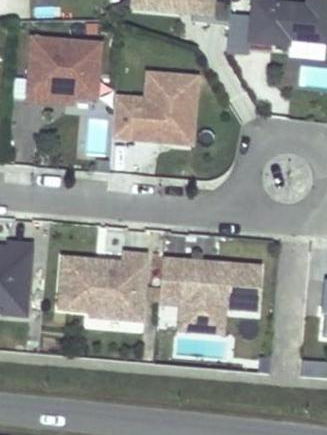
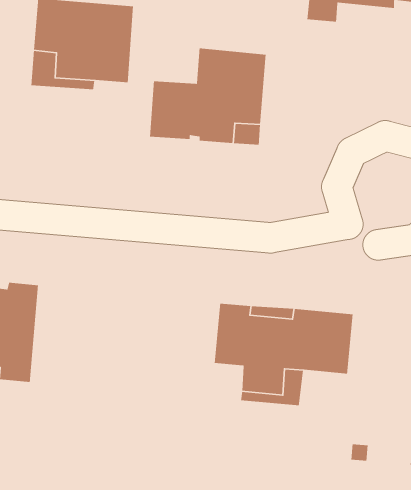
building: [60,252,146,319] -> none

